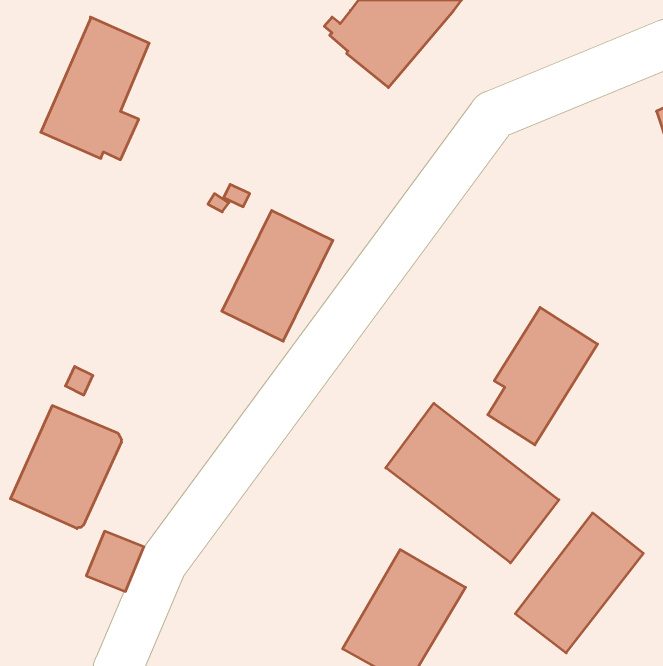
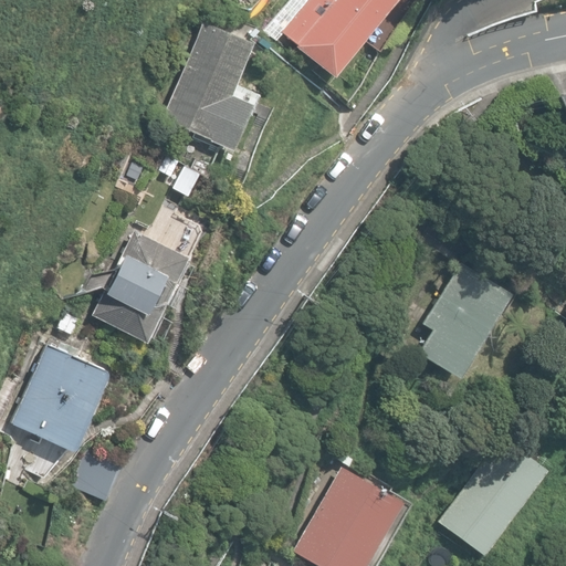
building: [41,17,149,160] -> [164,22,255,143]
building: [222,210,333,341] -> [94,231,188,342]
building: [386,403,559,563] -> none

